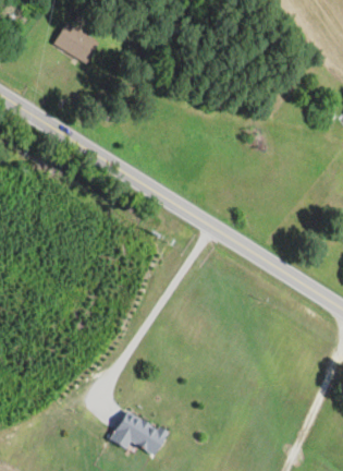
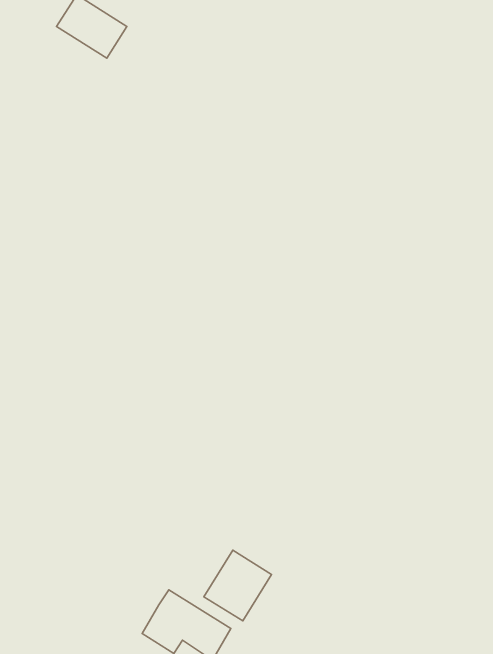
building: none -> [204,550,272,621]

